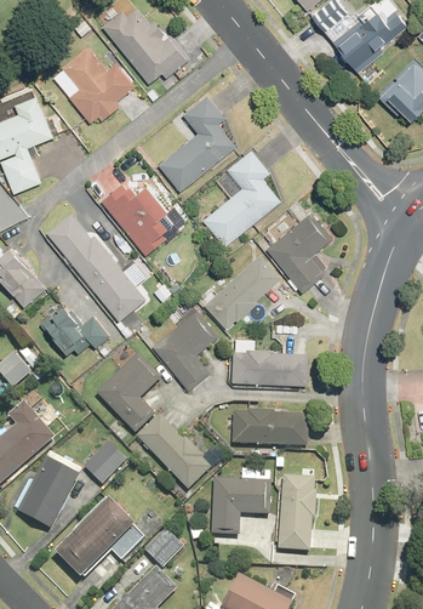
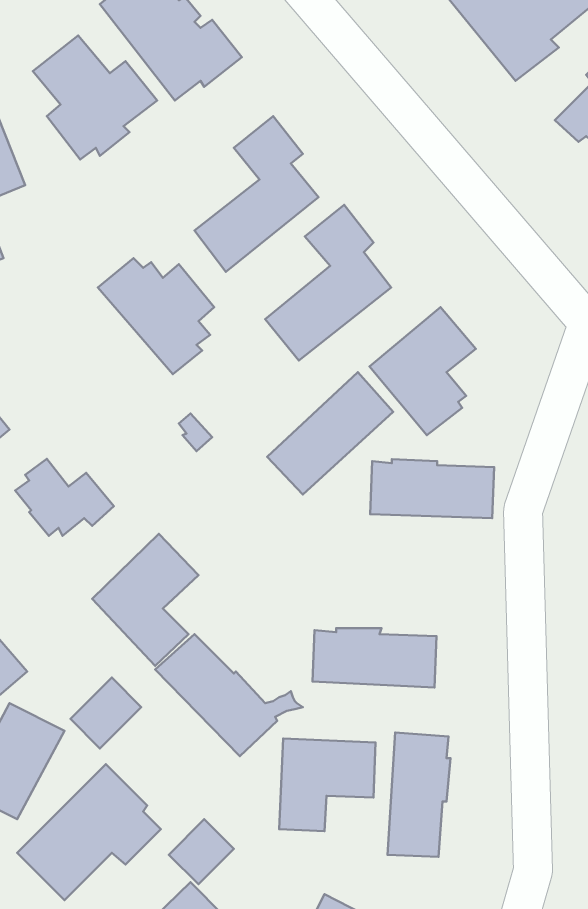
building: [46,212,145,320] -> none
building: [152,309,218,389] -> none
building: [231,348,308,385] -> [370,459,494,518]

